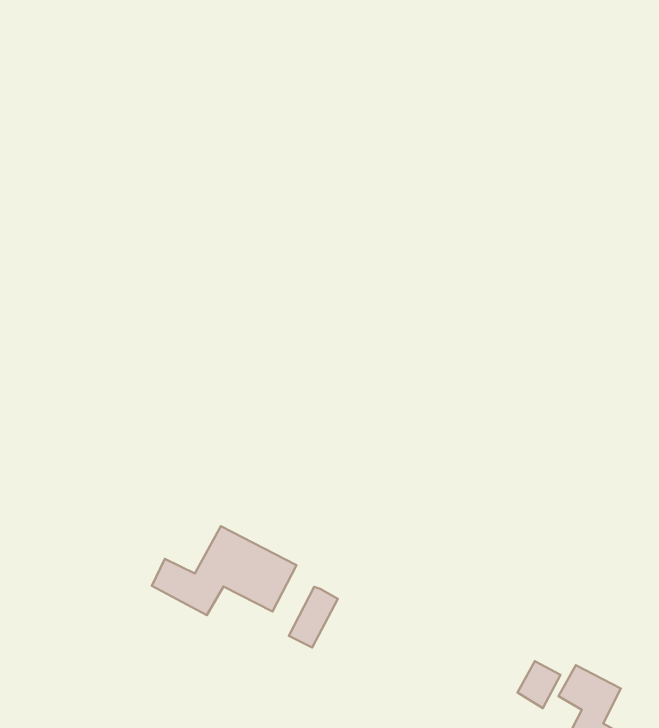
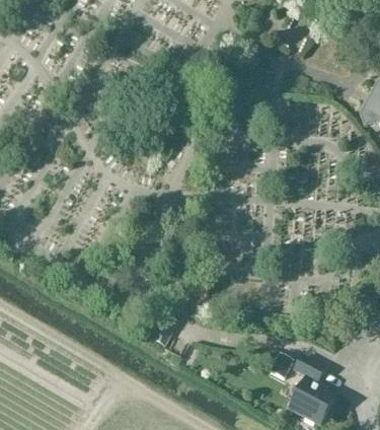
building: [152,526,296,615] -> none

